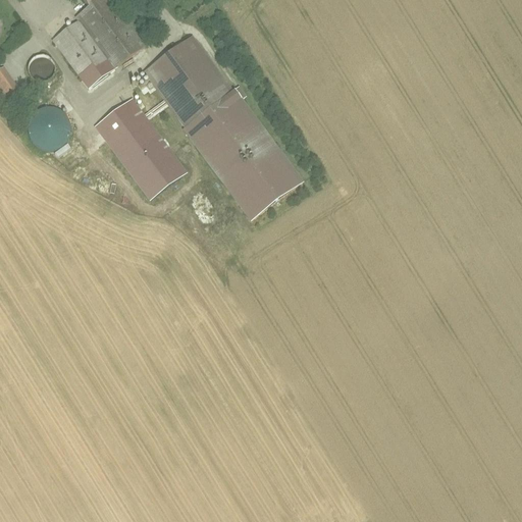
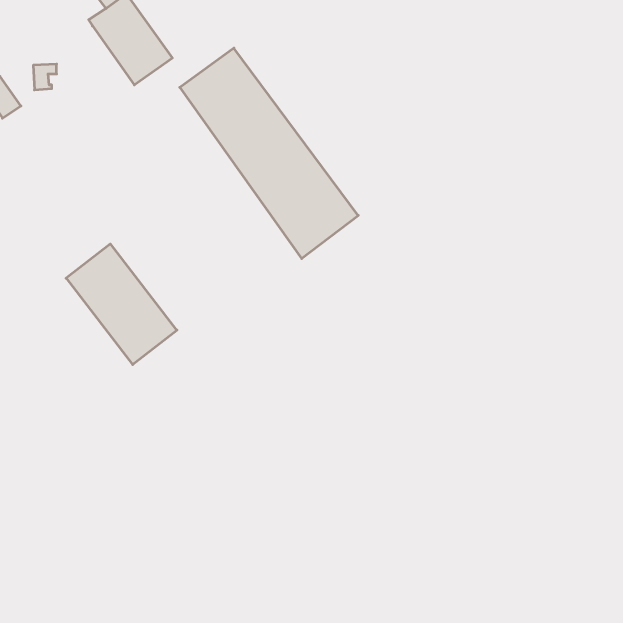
building: [52,21,111,87] -> none
building: [92,96,184,196] -> [66,244,177,365]
building: [27,105,71,150] -> none

